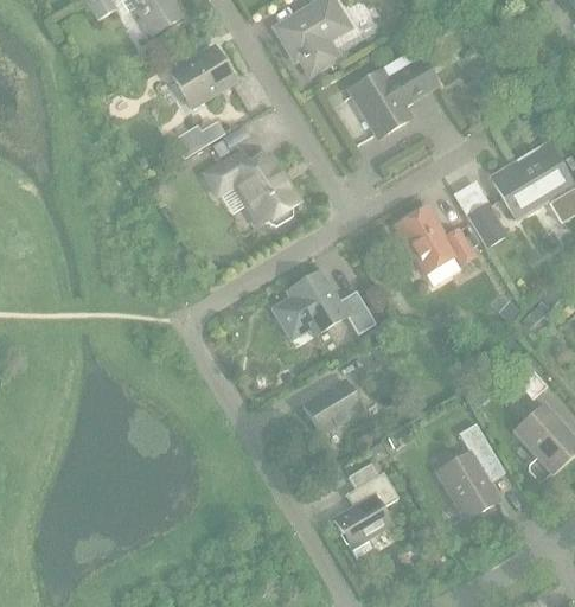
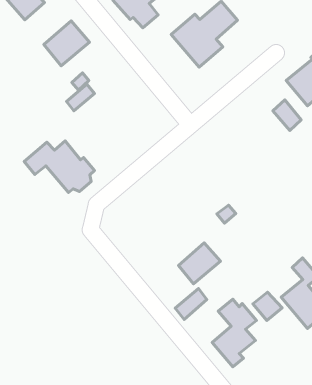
building: [206,152,300,226] -> [24,141,94,192]
building: [398,206,474,273] -> none
building: [271,269,376,336] -> none
building: none -> [175,289,207,319]
building: none -> [253,292,282,320]

